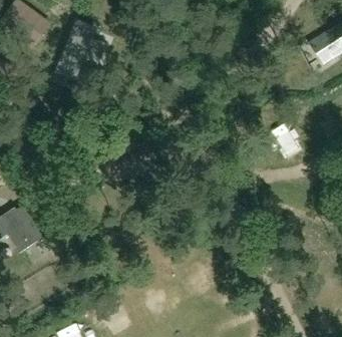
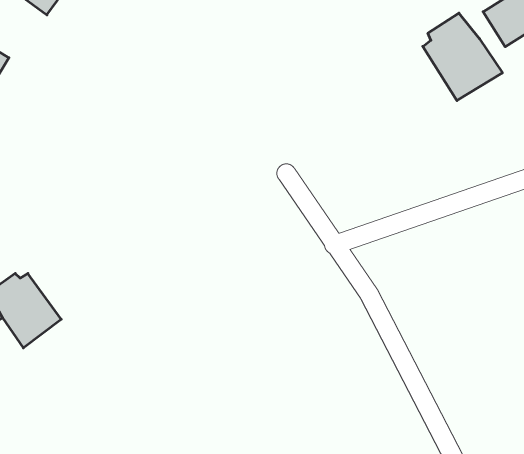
building: none -> [423,13,502,101]

